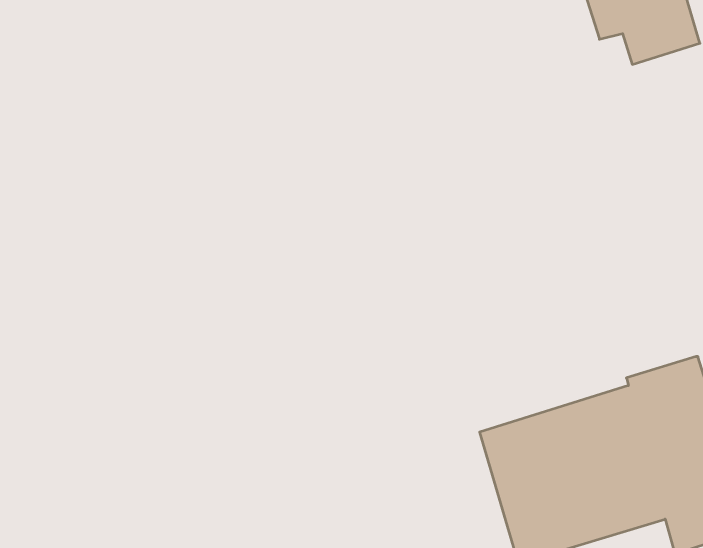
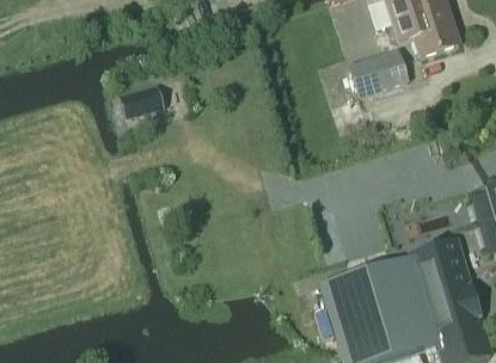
building: none -> [349,48,409,96]
building: none -> [121,82,164,116]

